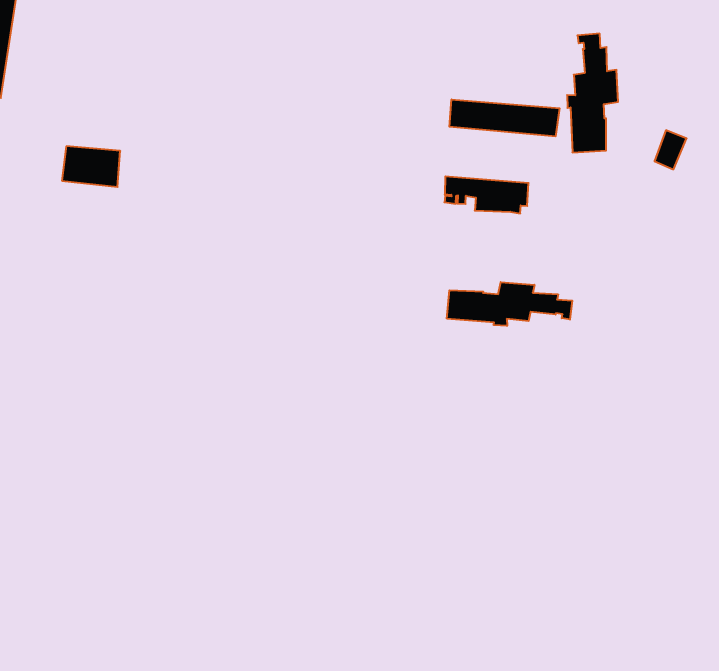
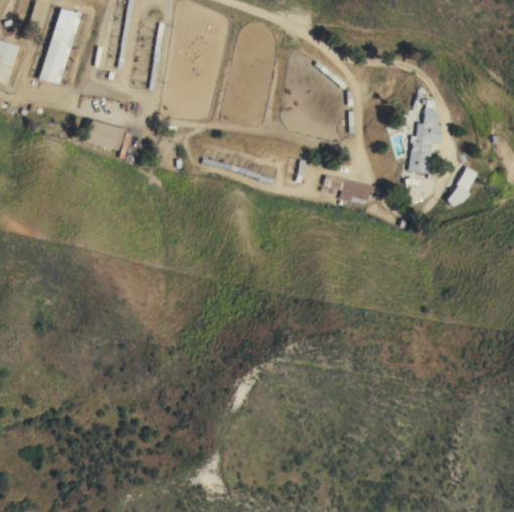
building: [449,99,560,136] -> none
building: [447,282,572,326] -> none

